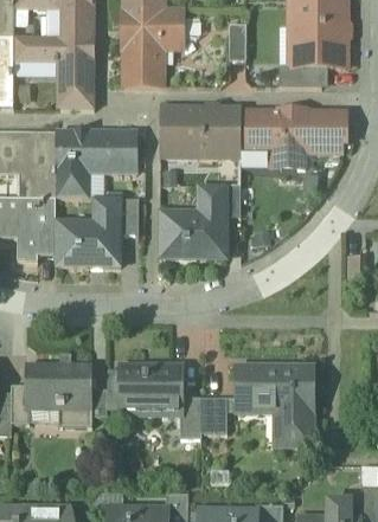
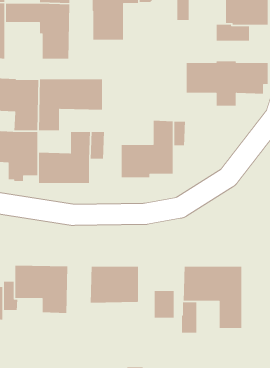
building: [160,109,241,156] -> none
building: [180,398,200,438] -> [181,302,197,334]

